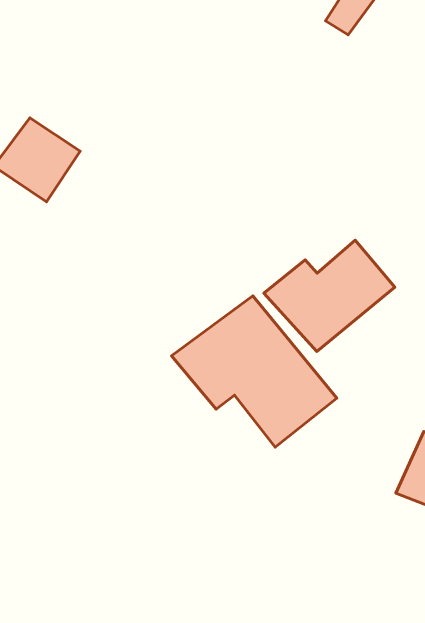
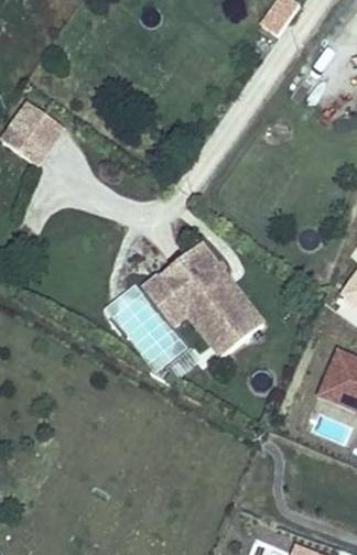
building: [264,240,395,351] -> none

